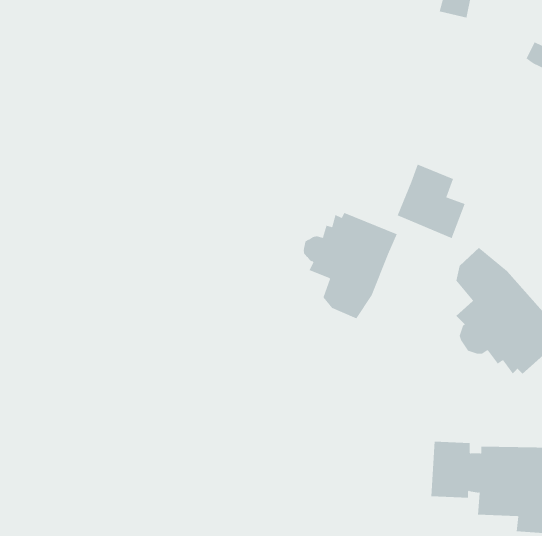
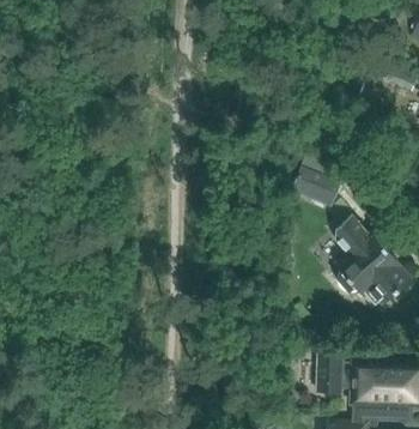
building: [303,212,397,319] -> none

